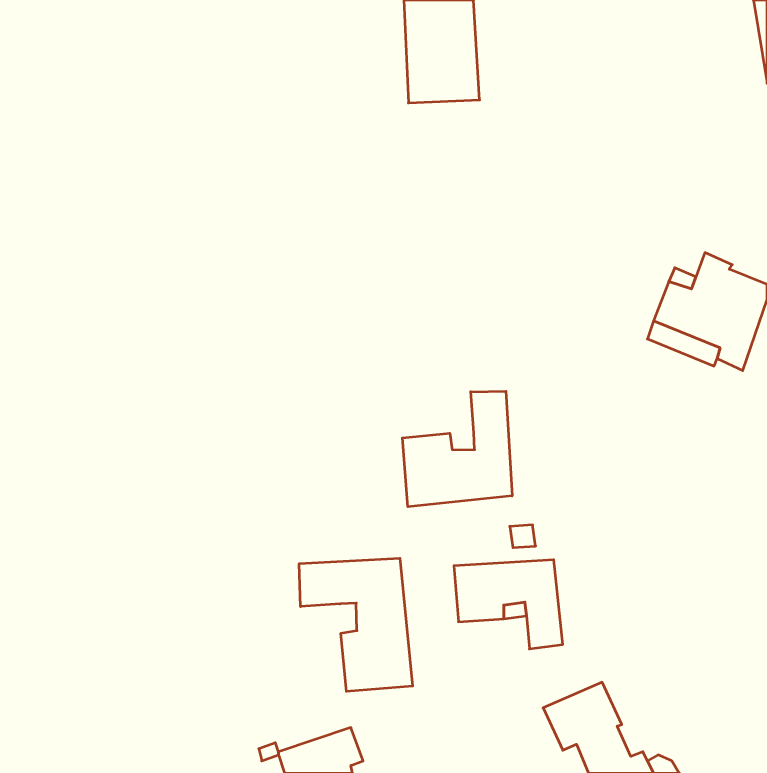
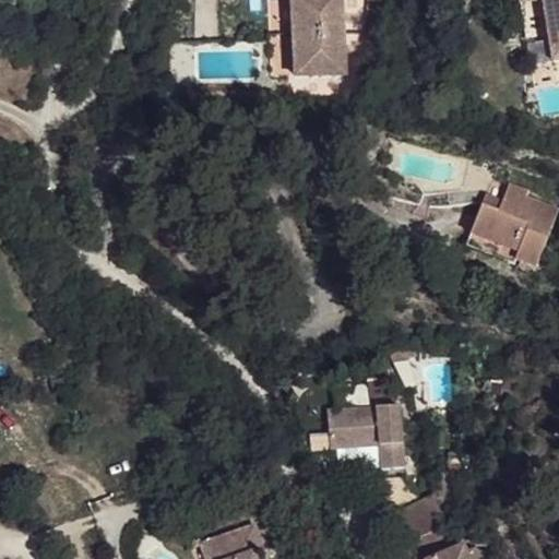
building: [402,391,512,507] -> none
building: [299,558,413,691] -> none

